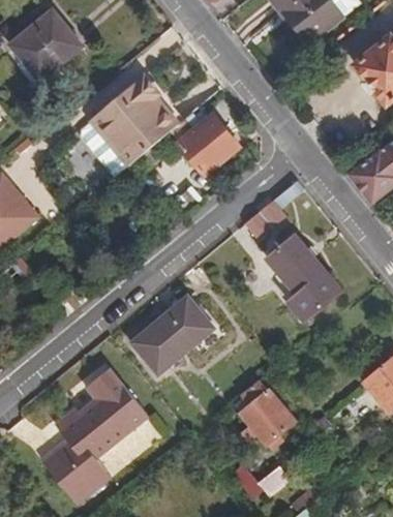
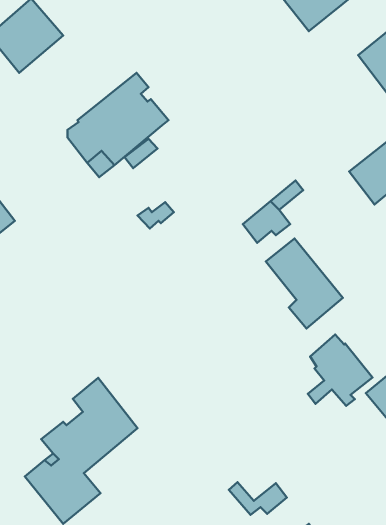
building: [171,113,238,175] -> none
building: [132,300,210,372] -> none
building: [234,383,295,450] -> [308,335,373,406]

